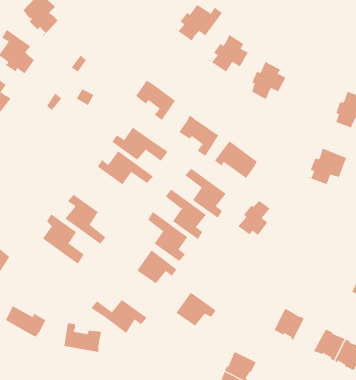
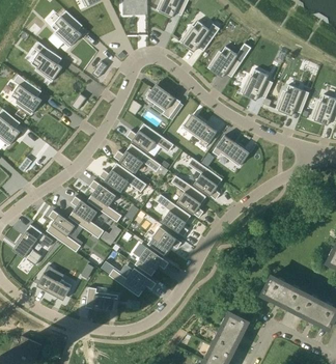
building: [307,148,347,185] -> [276,84,309,115]
building: none -> [100,163,147,192]
building: [238,198,271,236] -> none
building: none -> [47,209,81,252]
building: [176,292,216,327] -> [135,247,169,276]
building: none -> [279,284,306,311]

